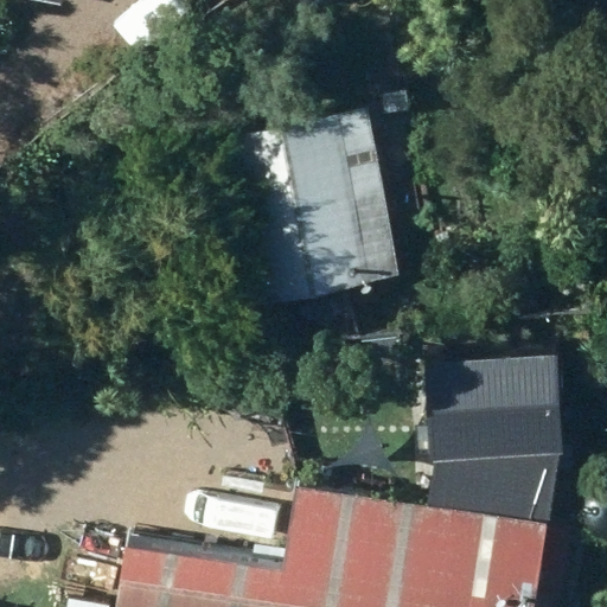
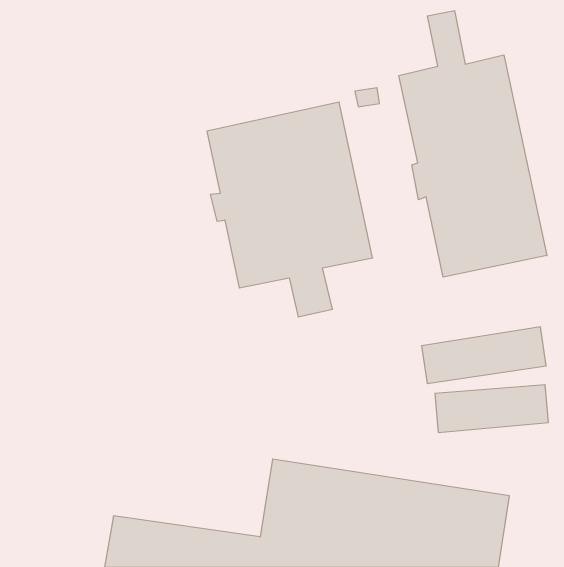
building: none -> [399,11,547,277]

